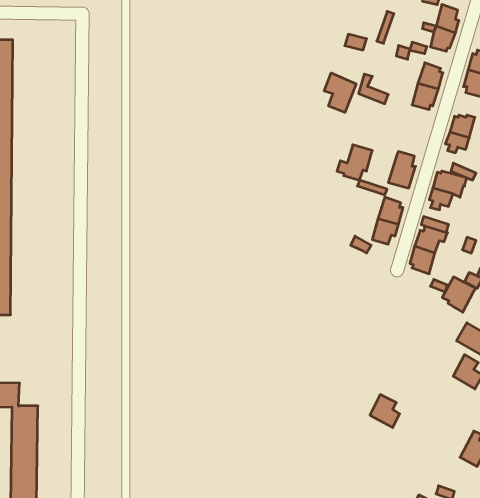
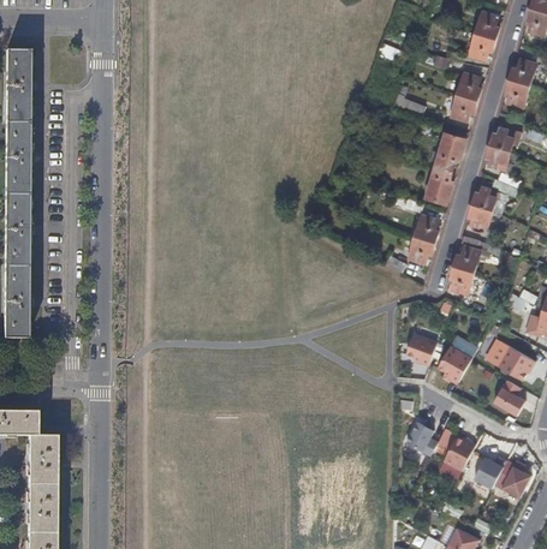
building: [324,73,356,112] -> none
building: [337,145,372,180] -> [429,133,466,171]
building: [442,277,475,312] -> [438,346,472,383]
building: none -> [406,333,438,366]
building: none -> [444,434,476,471]
building: none -> [474,455,507,489]

